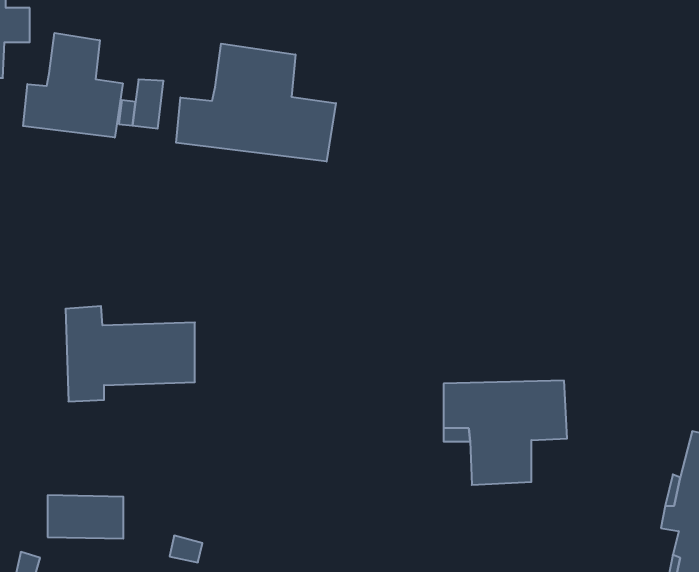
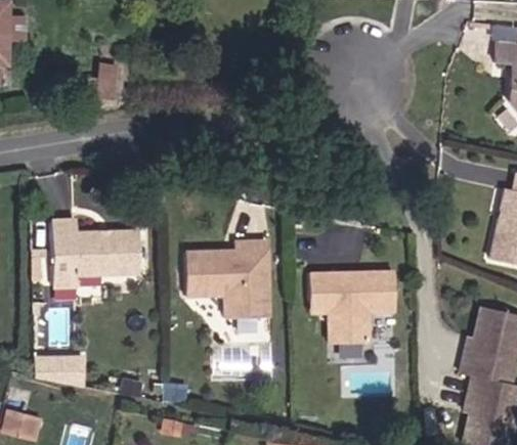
building: [23,33,123,138] -> none
building: [176,44,336,162] -> none
building: none -> [185,240,269,315]

